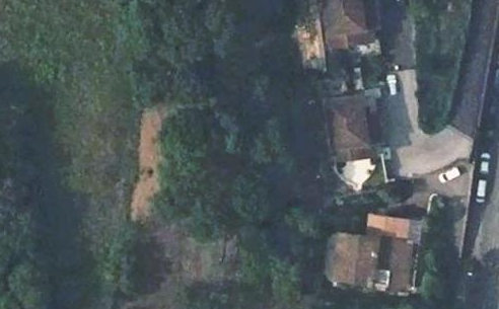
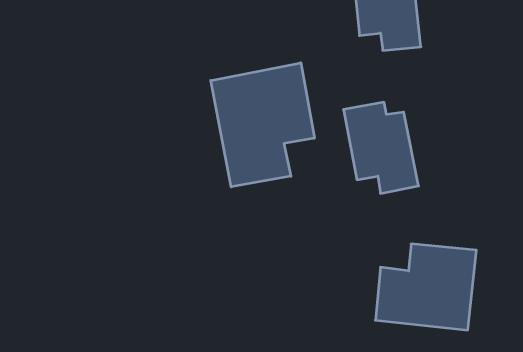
building: none -> [211,63,314,187]

